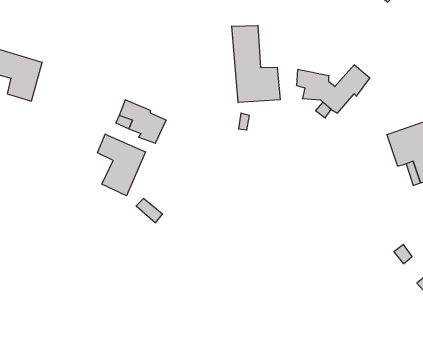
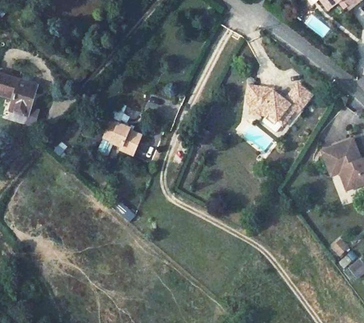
building: [232,25,280,103] -> none
building: [97,134,145,196] -> none

